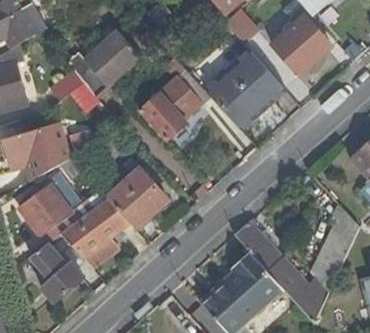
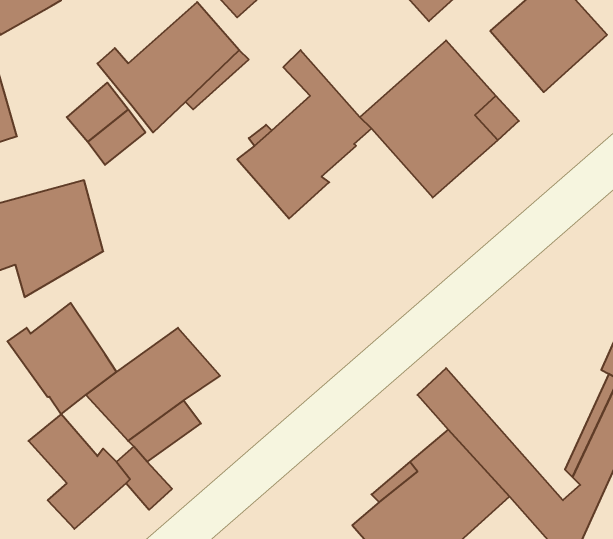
building: [107,167,168,229] -> none

